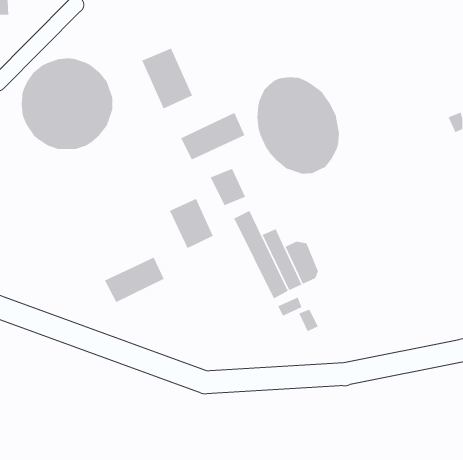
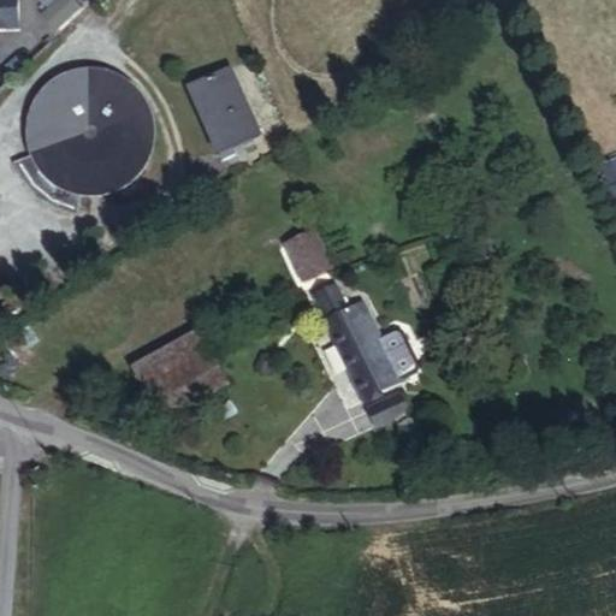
building: [256,77,340,174] -> none
building: [180,112,246,161] -> none
building: [169,198,214,249] -> none

